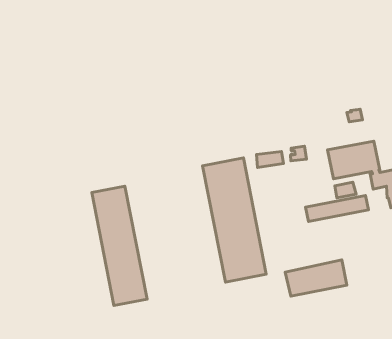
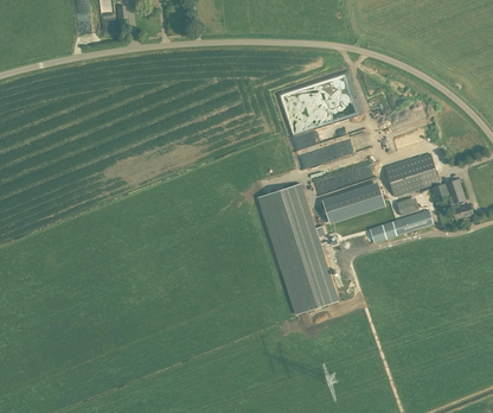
building: [92,186,147,306] -> none
building: [285,260,347,296] -> [320,180,384,223]

